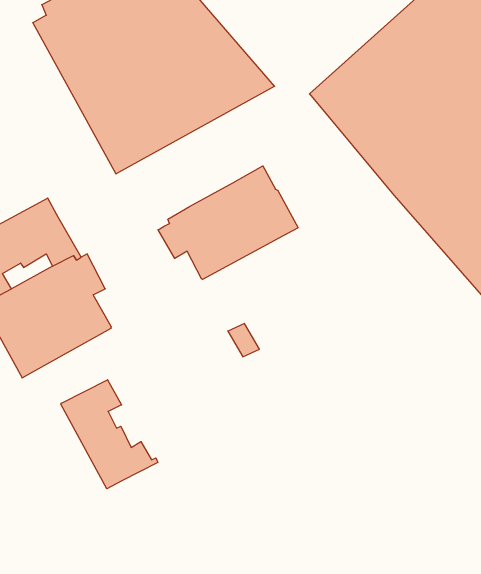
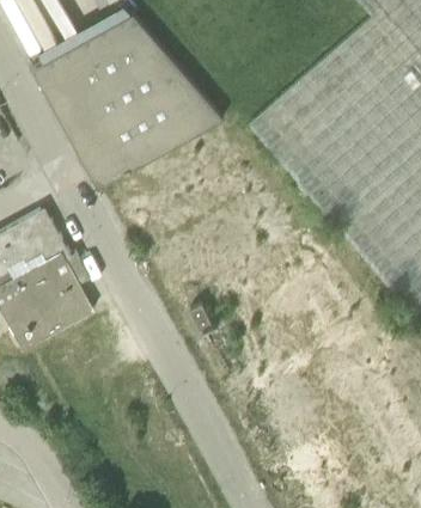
building: [158,166,298,279] -> none
building: [61,380,158,489] -> none

